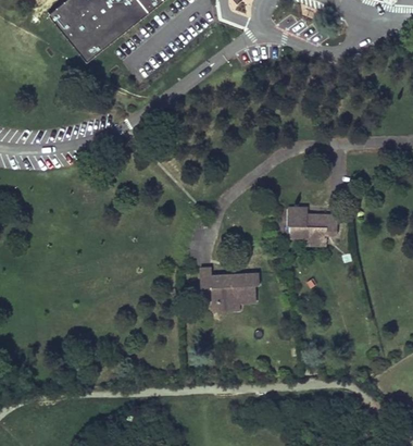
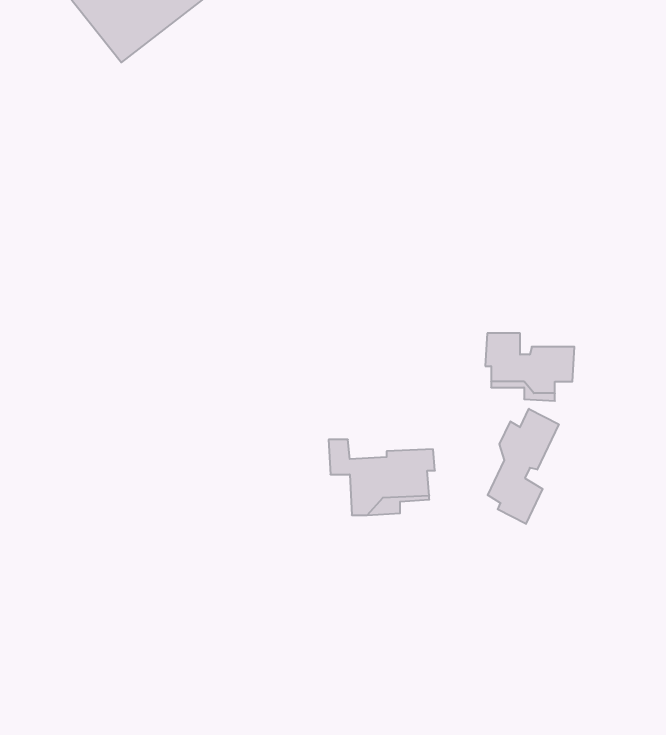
building: none -> [488,409,559,524]

